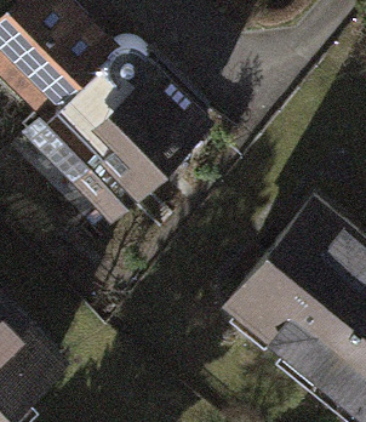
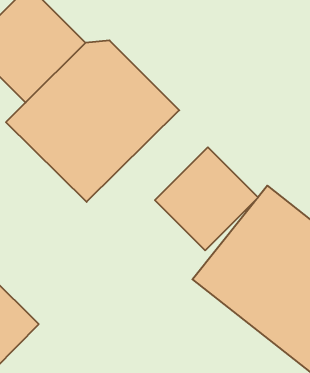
building: none -> [155,147,258,250]

